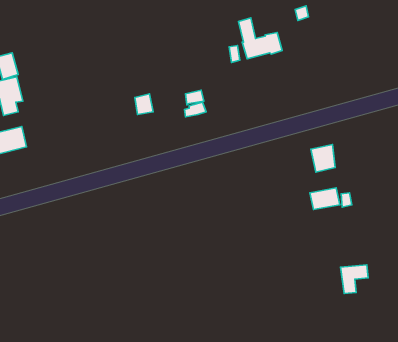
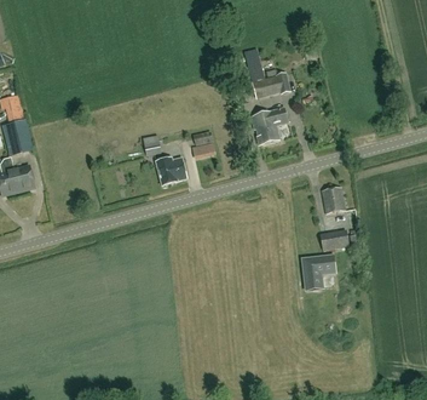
building: none -> [250,109,288,145]
building: none -> [156,158,187,187]
building: [340,265,368,294] -> [305,258,333,287]

